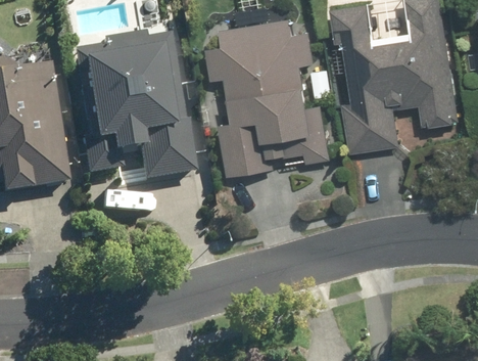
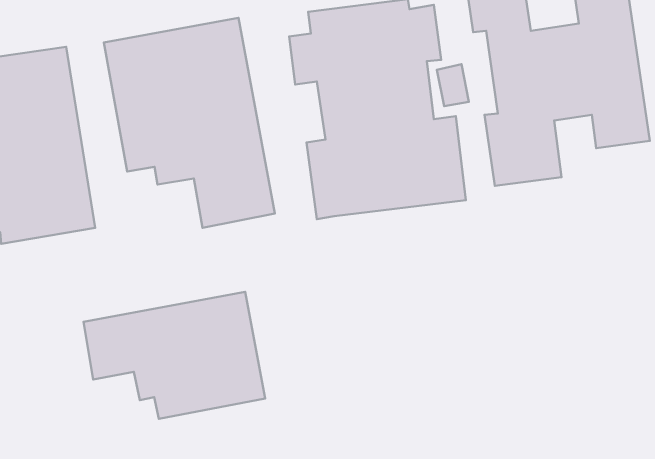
building: none -> [83,292,265,419]

